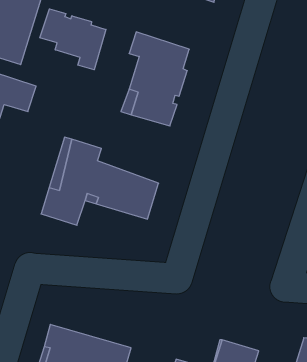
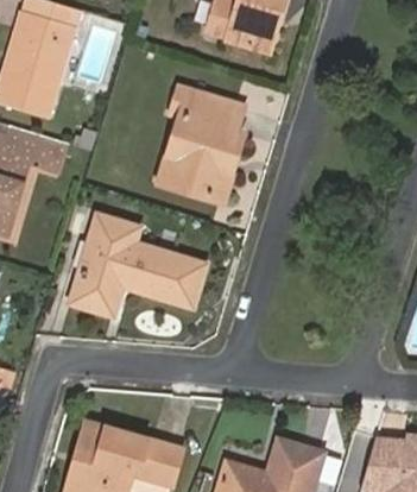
building: [40,9,106,70] -> none

